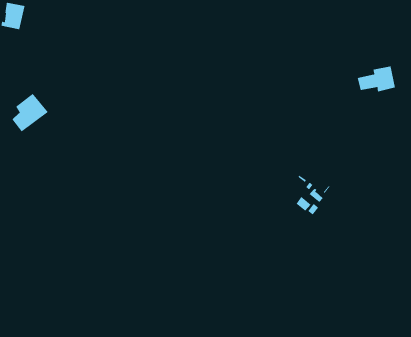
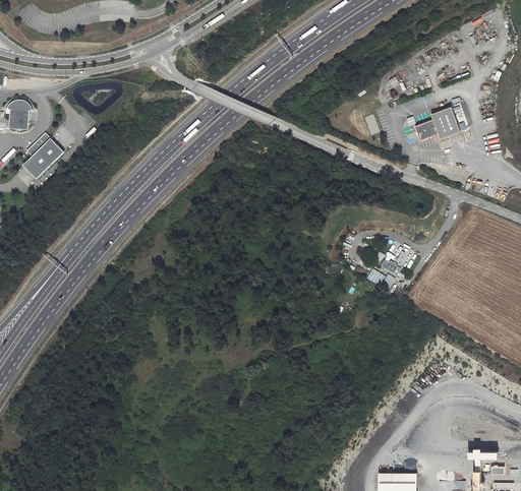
building: [12,93,49,133] -> [26,132,67,179]

